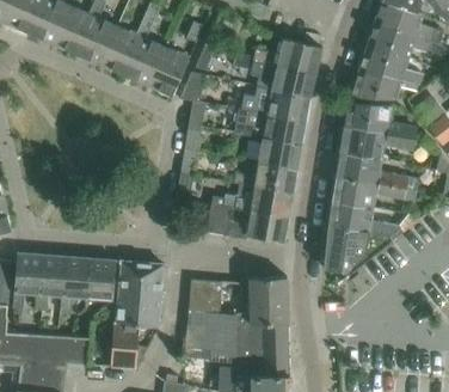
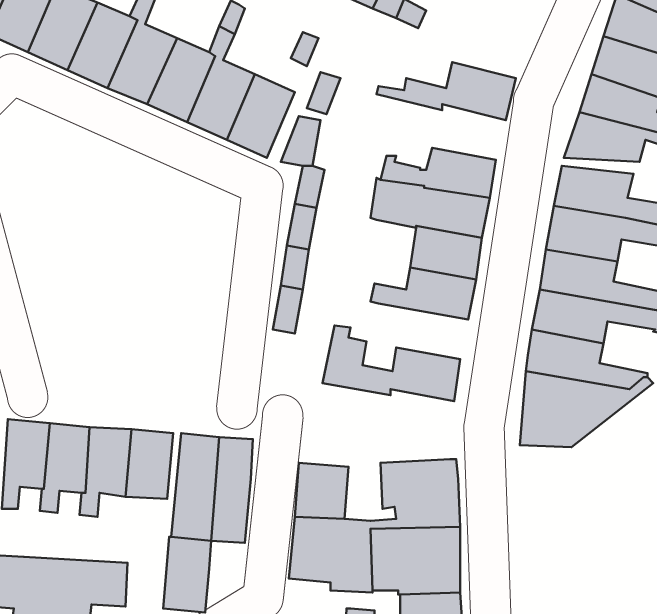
building: [235,59,315,98] -> none
building: [221,184,293,218] -> none

